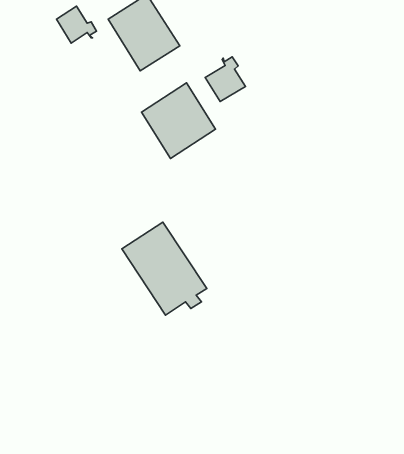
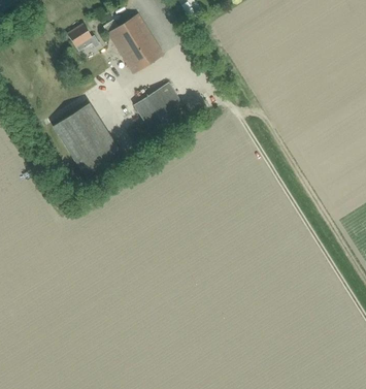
building: [205,57,245,101] -> none
building: [122,222,207,315] -> [54,104,120,176]

